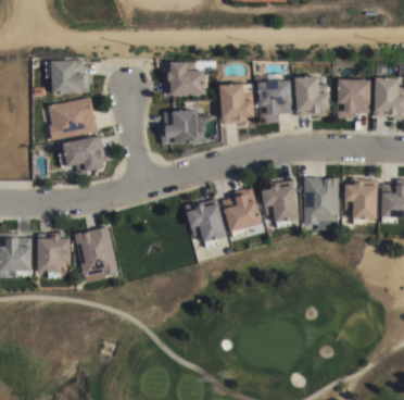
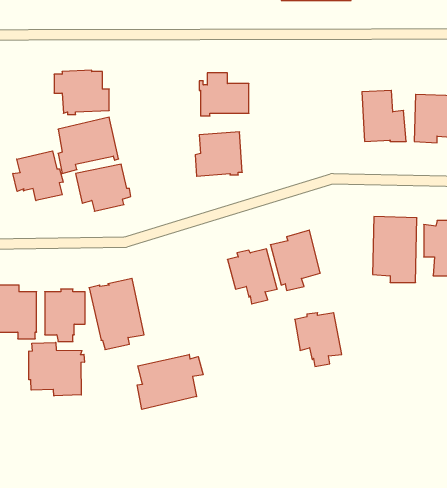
building: [257,72,292,118] -> none
building: [218,82,254,123] -> none
building: none -> [13,151,63,201]
building: [261,184,299,227] -> [295,313,342,366]
building: none -> [29,342,84,396]
building: none -> [137,354,203,409]

